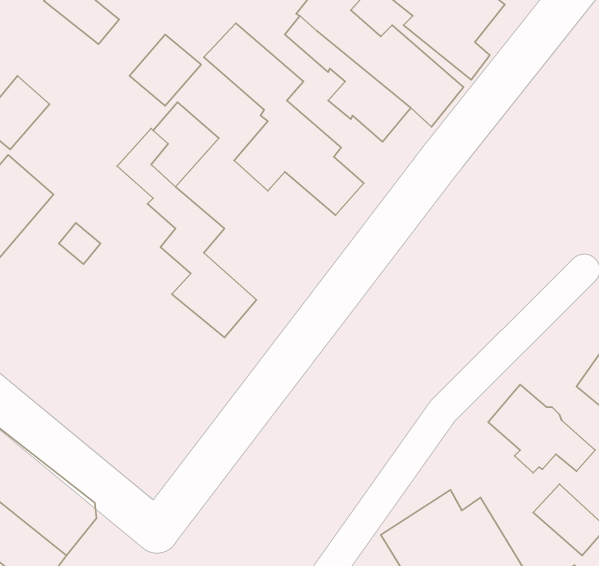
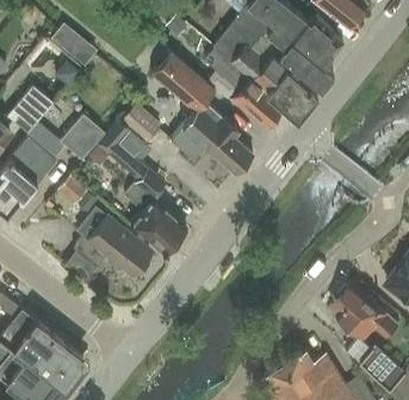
building: [129,34,201,106] -> [60,115,105,160]
building: none -> [73,216,153,277]

